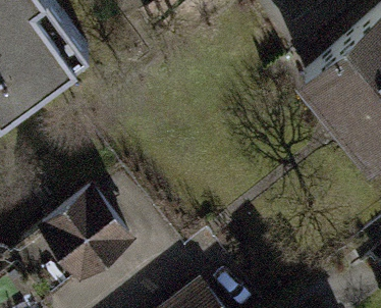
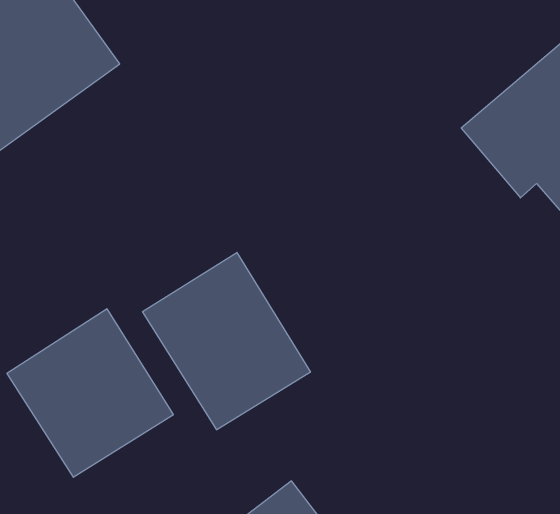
building: none -> [143,252,310,430]

